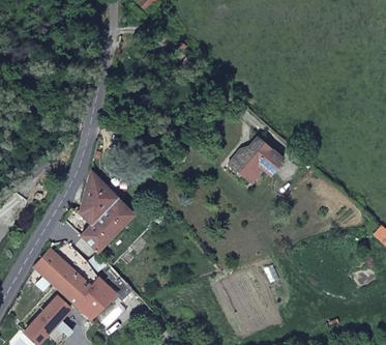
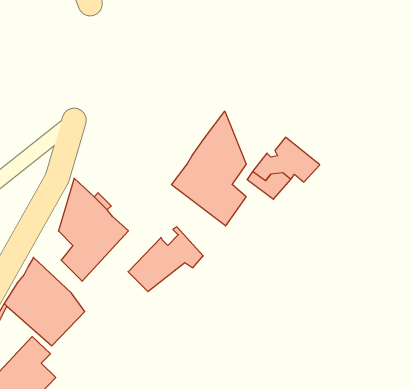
building: none -> [172,111,246,226]
building: [72,266,131,317] -> [128,227,203,292]

